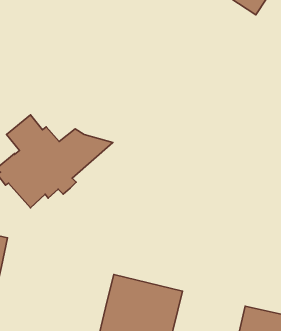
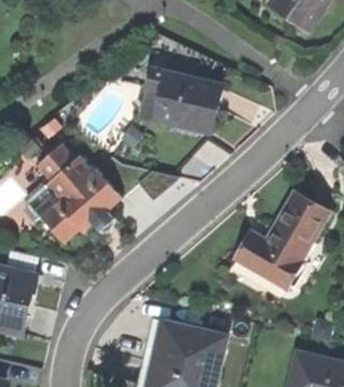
building: none -> [141,70,220,130]
building: none -> [235,191,328,288]

